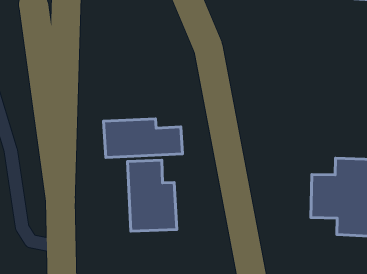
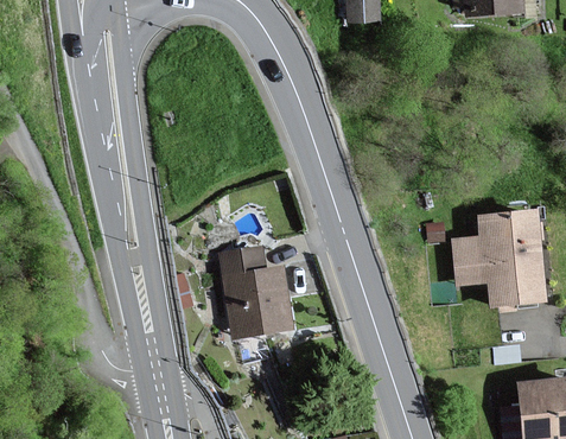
building: [104,119,183,158] -> none

